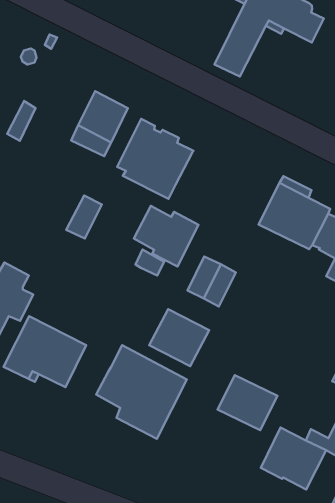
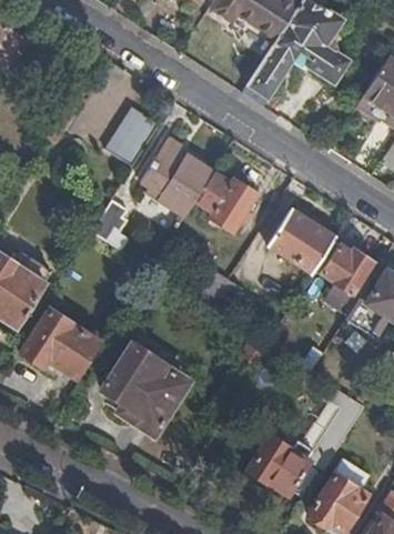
building: [134,206,198,267] -> [195,172,256,231]
building: [149,309,209,366] -> none
building: [218,375,278,430] -> none

